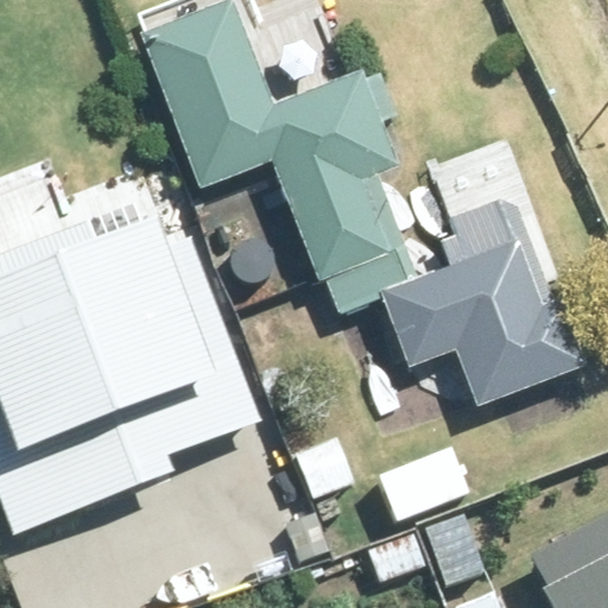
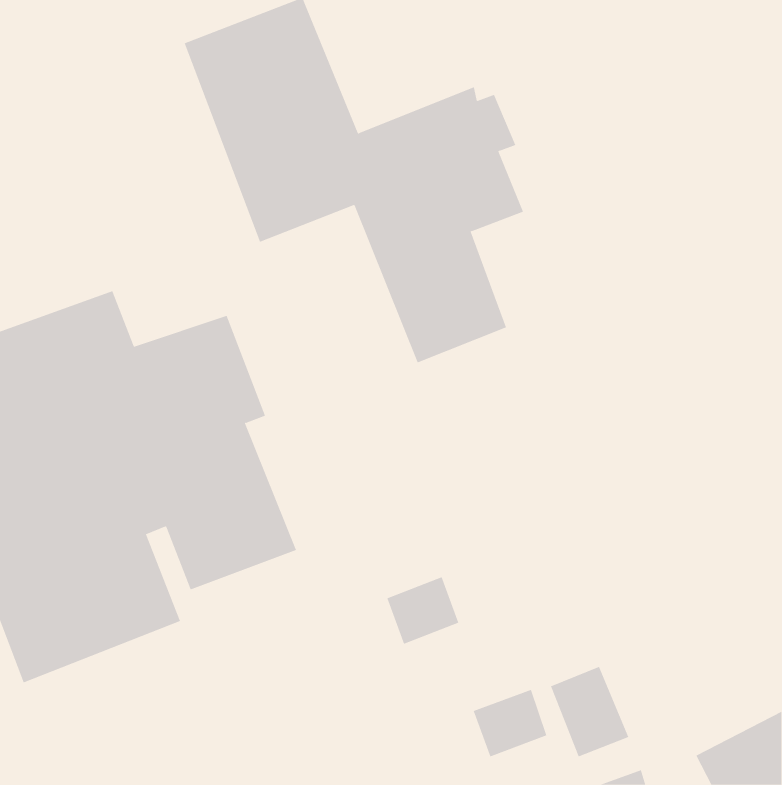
building: [379,198,589,406] -> none

